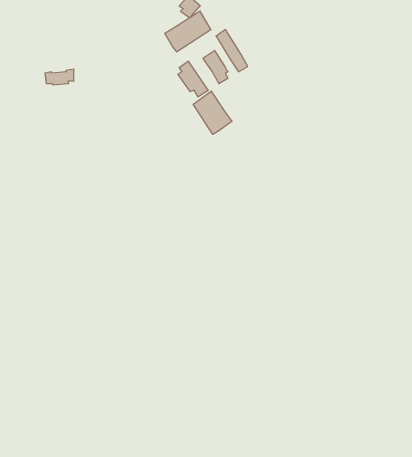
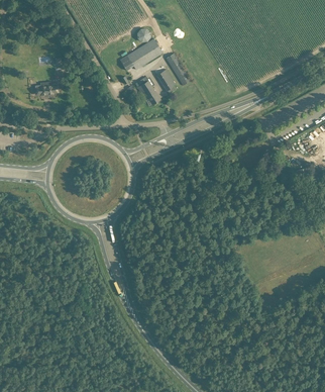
building: [193,91,232,134] -> none

